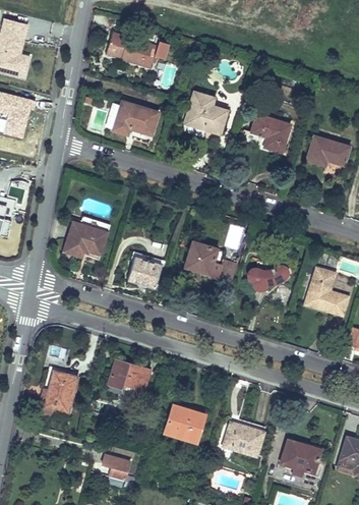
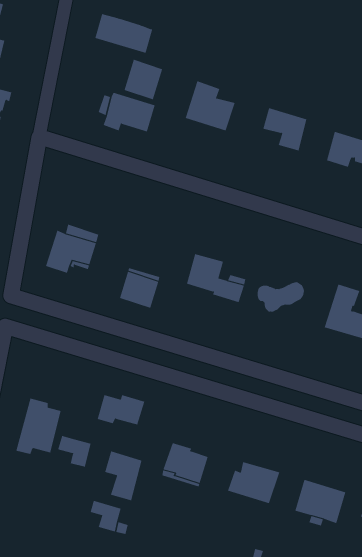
building: none -> [124,59,163,100]
building: none -> [57,435,91,467]
building: none -> [104,450,142,501]

